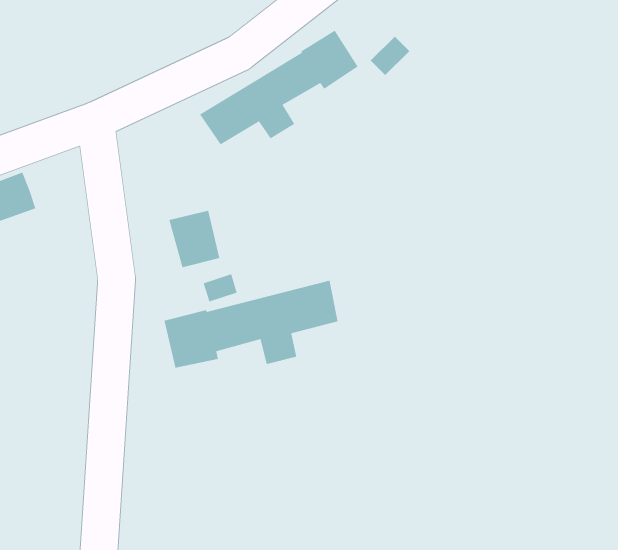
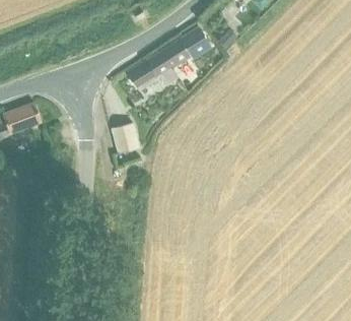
building: [164,280,338,368] -> none

